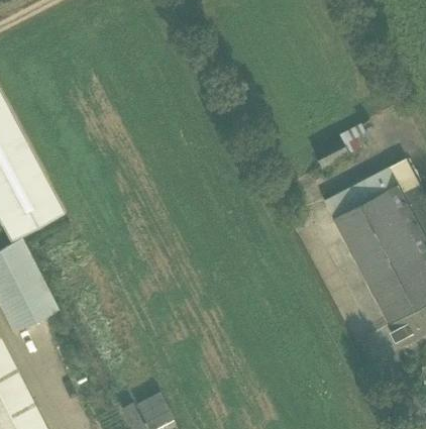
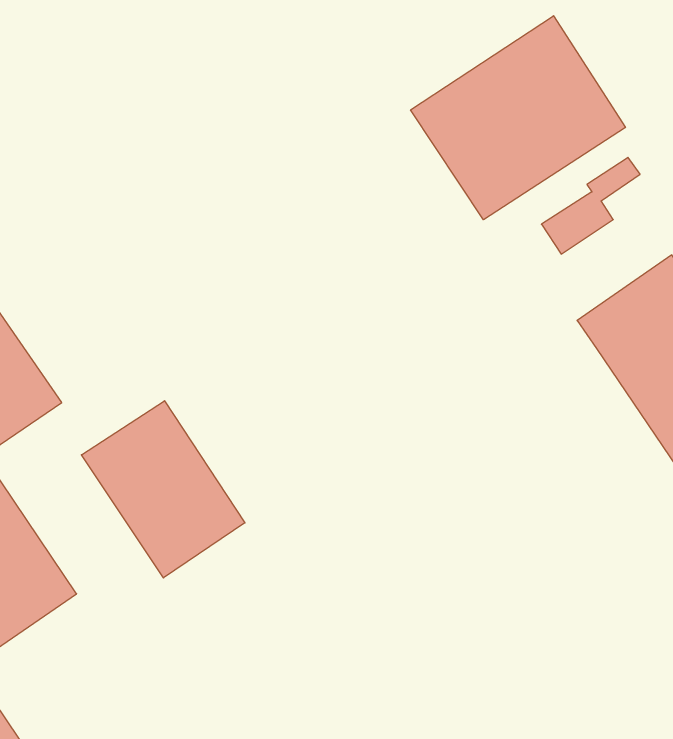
building: none -> [411,16,625,220]
building: none -> [81,401,245,578]

